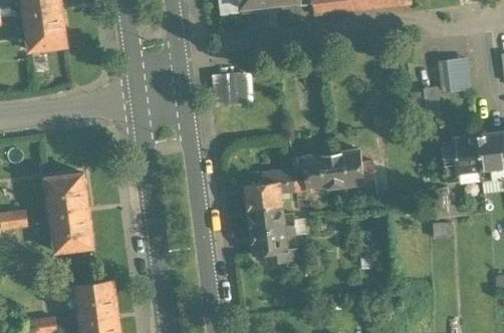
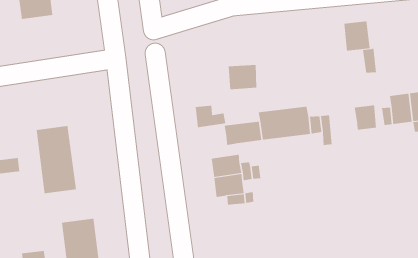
building: [439,54,470,89] -> [344,21,371,51]
building: [214,75,248,104] -> [228,65,257,90]
building: none -> [354,104,377,131]
building: [244,185,280,211] -> [195,105,226,128]

